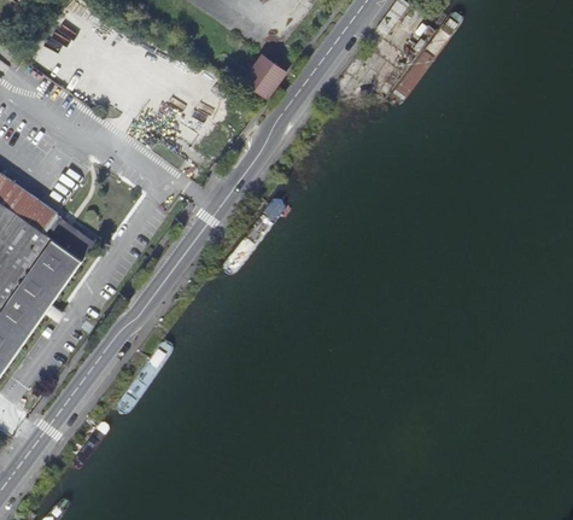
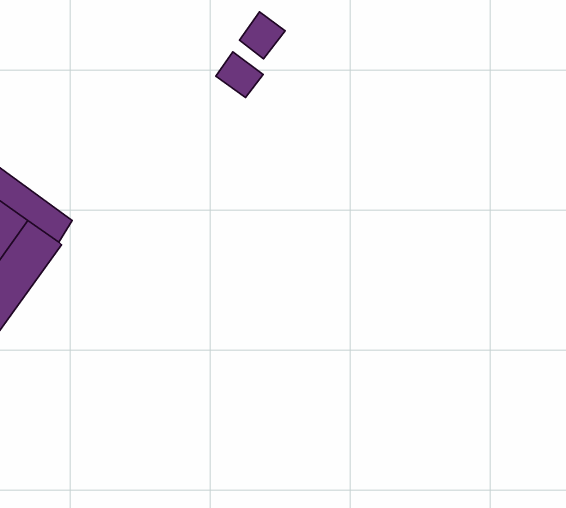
building: none -> [216,52,263,97]

